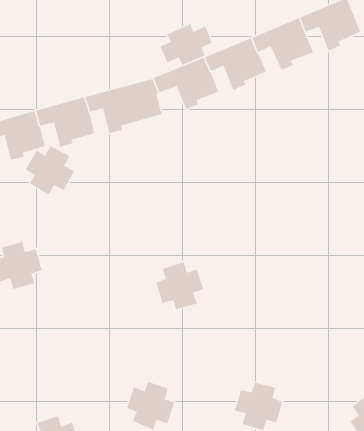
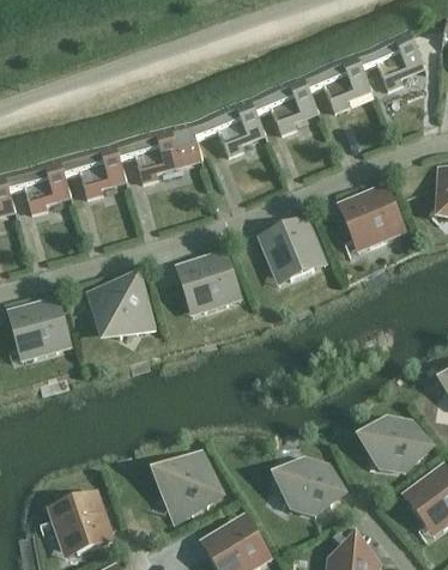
building: [160,23,213,66] -> none
building: none -> [343,192,399,247]
building: [24,145,75,195] -> [92,283,149,339]
building: none -> [264,224,320,280]
building: [155,261,205,310] -> [181,256,236,311]
building: none -> [369,419,422,473]

